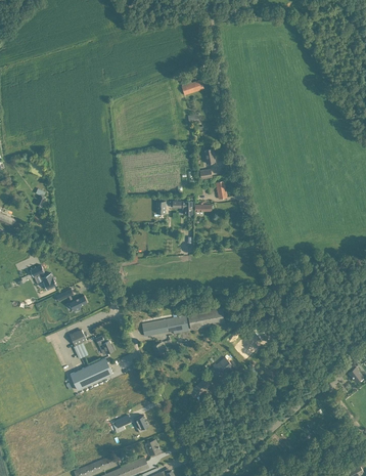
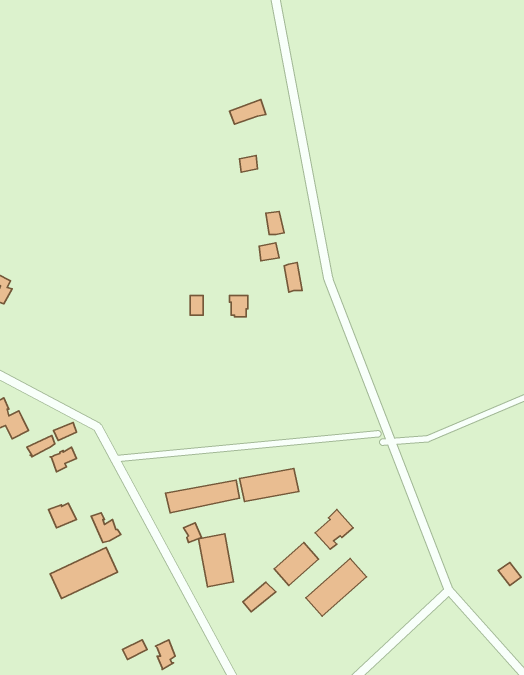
building: none -> [199,534,234,587]
building: none -> [306,559,366,616]

